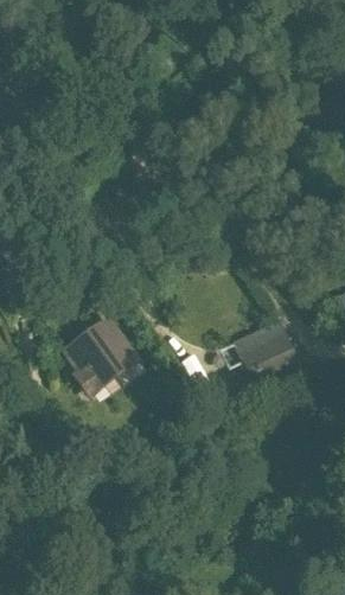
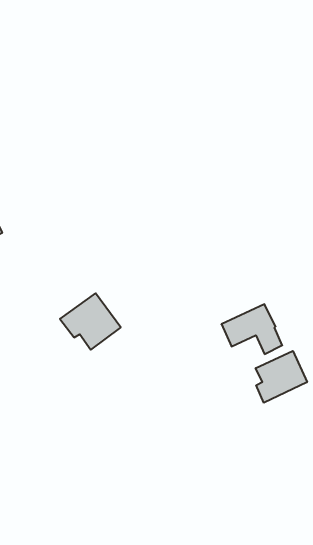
building: none -> [256,351,307,403]

